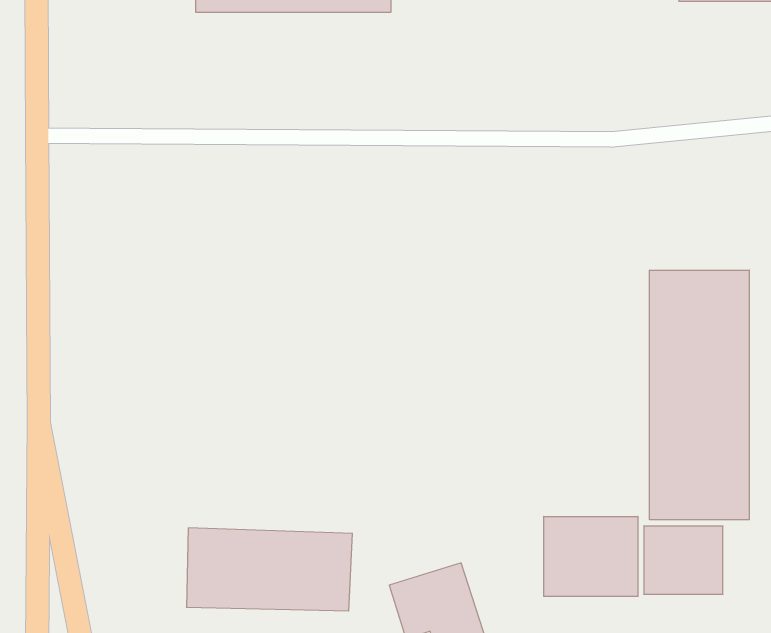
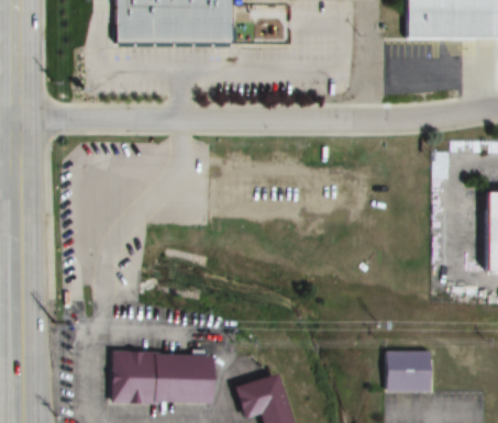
building: [650,270,749,520] -> none
building: [544,516,638,596] -> none

